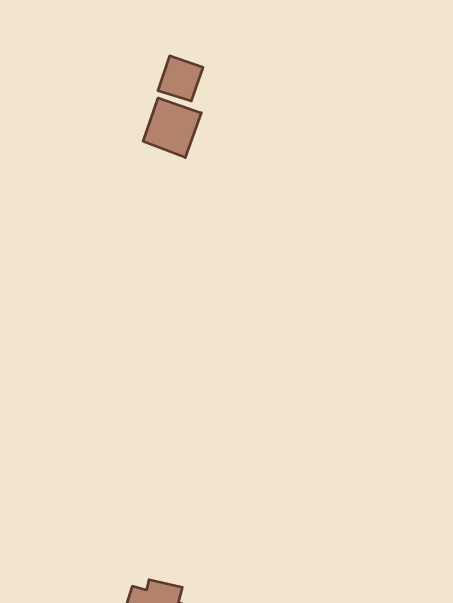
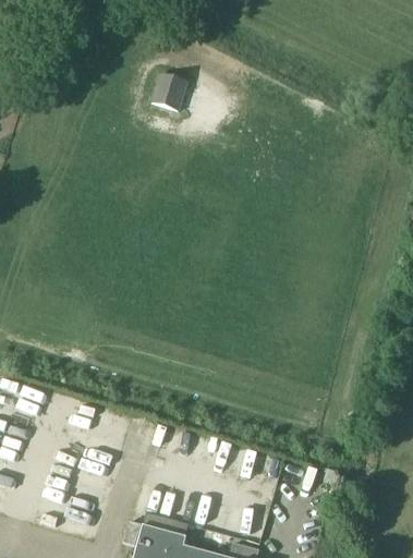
building: [143,98,201,158] -> none

